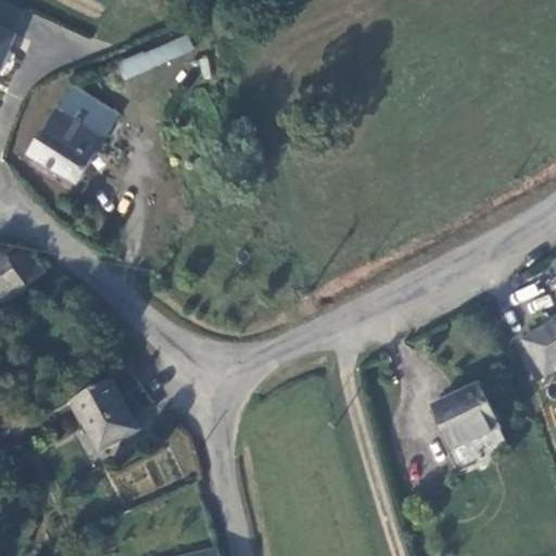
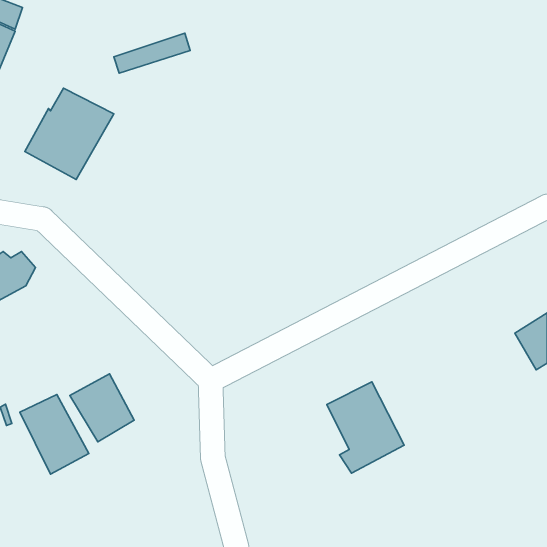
building: [431,381,509,473] -> [327,382,404,473]
building: none -> [20,395,89,474]

